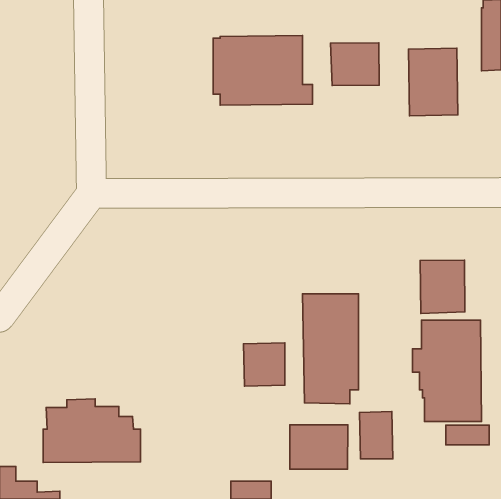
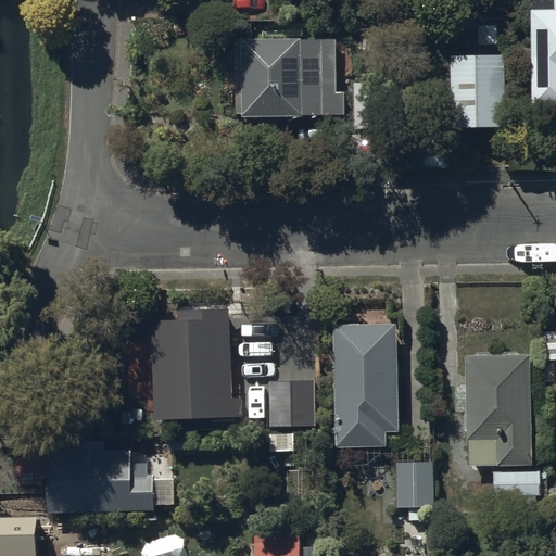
building: [330,43,379,85] -> none
building: [420,260,465,313] -> none
building: none -> [153,309,230,418]
building: [290,425,348,469] -> none

